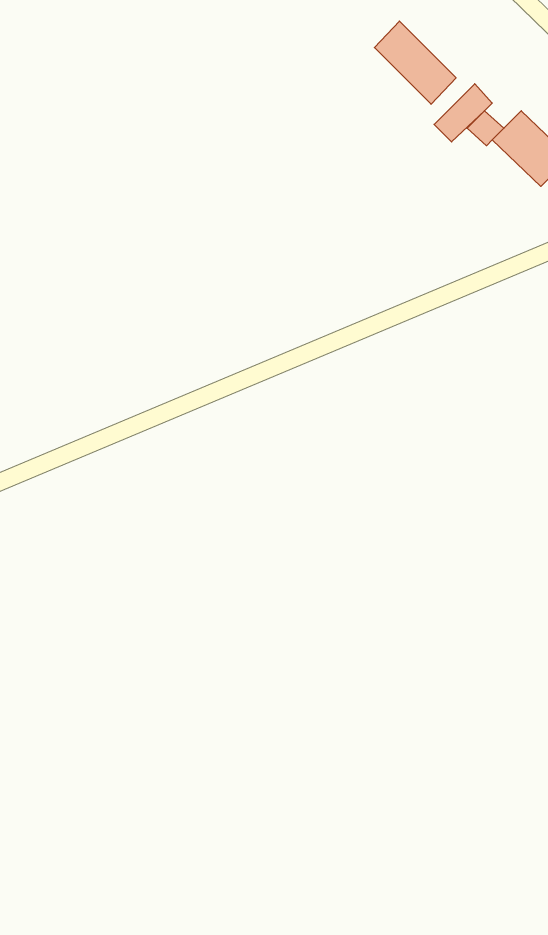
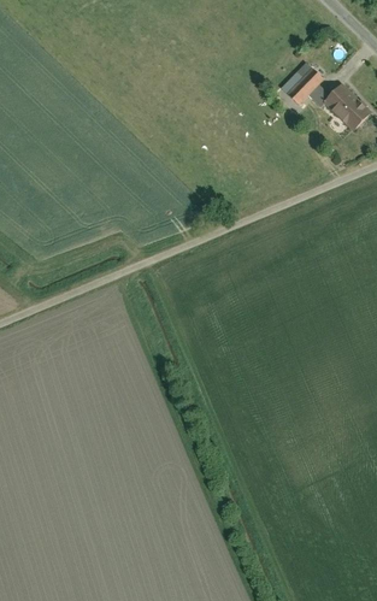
building: [374,21,456,104] -> none

